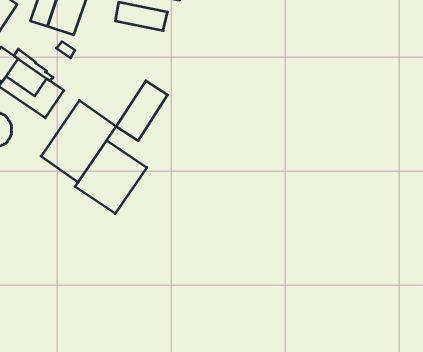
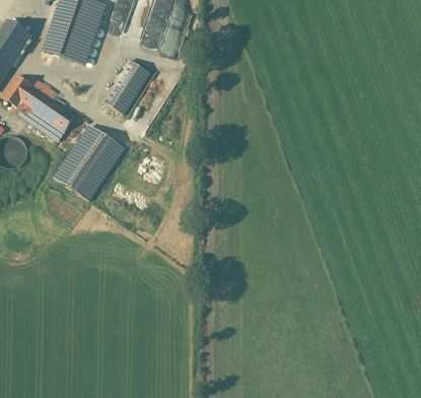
building: none -> [21,85,59,120]
building: [116,81,168,141] -> [101,58,149,114]
building: [75,141,147,214] -> none

